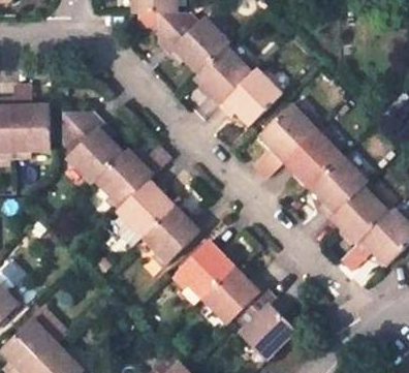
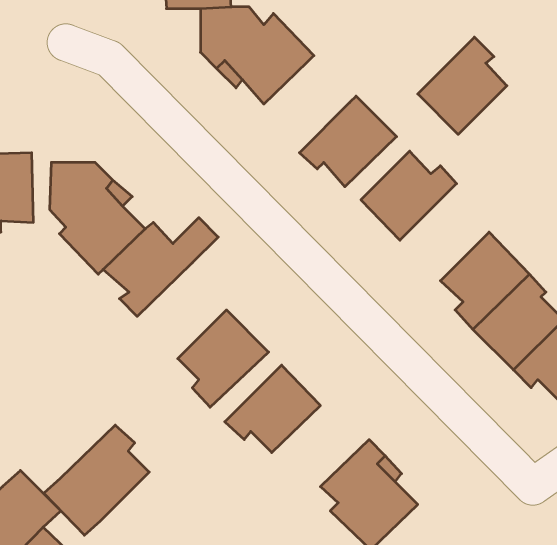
building: [193,48,252,105] -> none
building: [284,125,341,187] -> [418,37,507,134]
building: [106,176,174,246] -> [44,425,149,535]
building: [202,267,264,323] -> none

